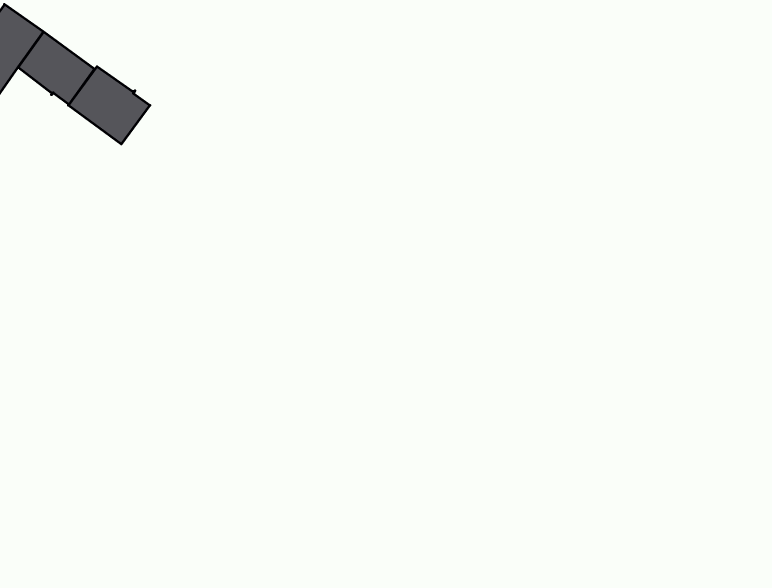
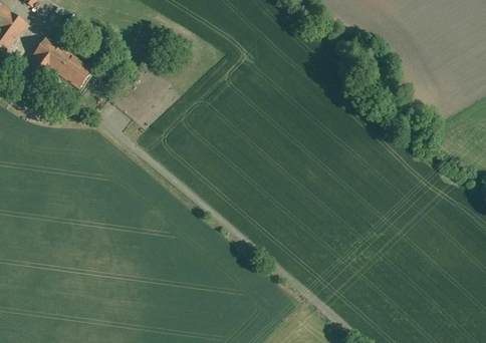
building: [68,67,150,144] -> none

